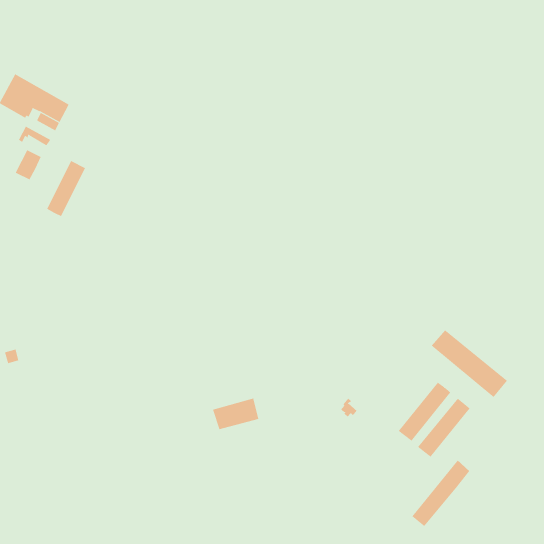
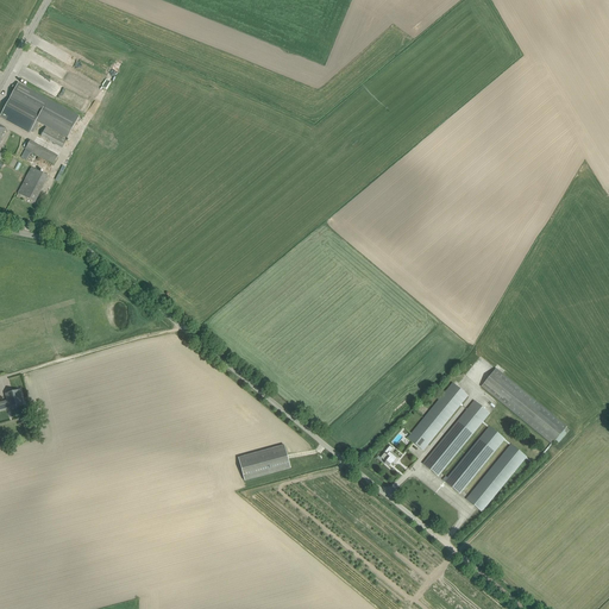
building: [46,160,86,217] -> none
building: none -> [407,382,466,450]
building: [412,460,470,527] -> [422,400,488,475]

